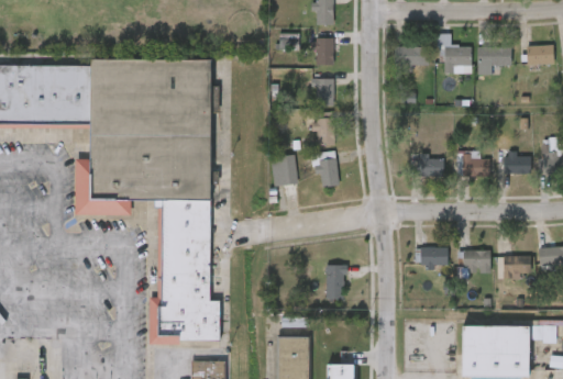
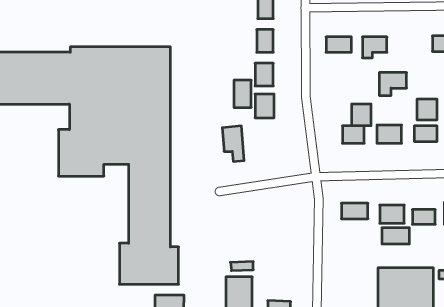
building: [478,46,511,74] -> [379,73,407,95]
building: none -> [417,99,437,120]
building: none -> [352,104,371,126]
building: [318,152,339,185] -> [234,80,251,107]
building: [327,265,346,298] -> none
building: none -> [382,228,409,244]

